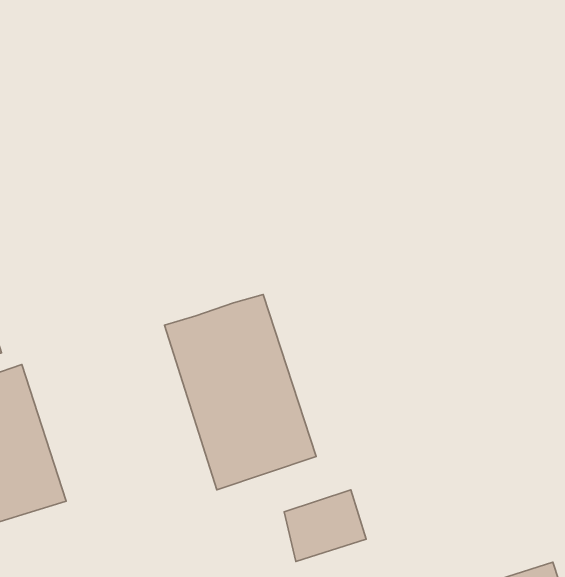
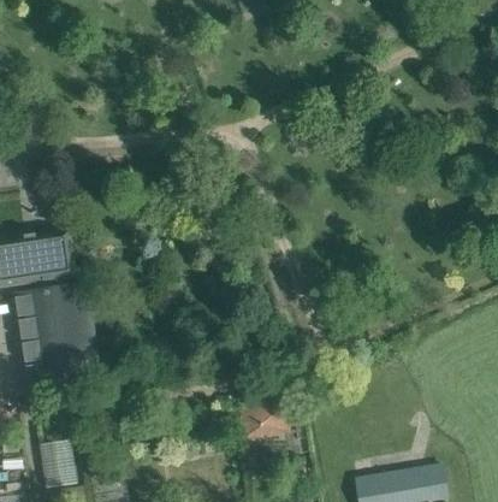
building: [165,294,316,490] -> none

